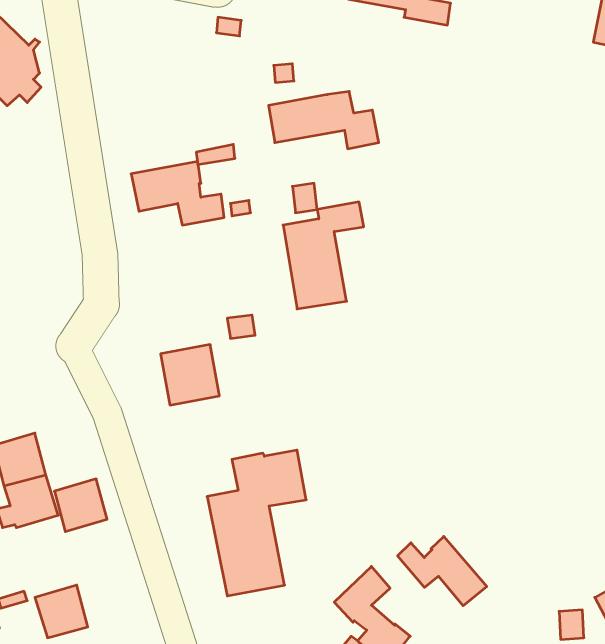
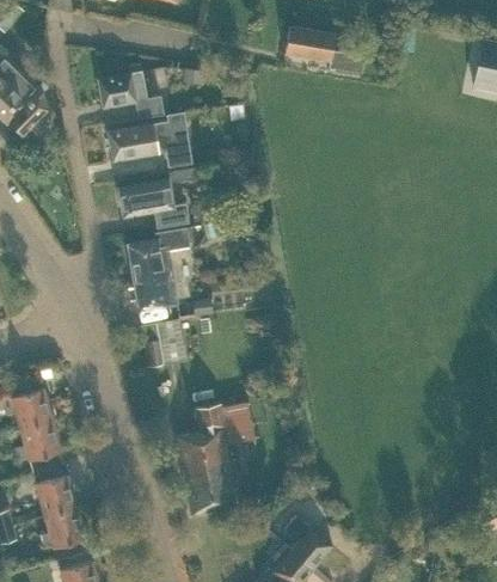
building: none -> [99,72,162,121]
building: [269,91,379,149] -> [109,123,194,167]
building: [283,202,364,309] -> [129,227,191,310]
building: [54,479,107,532] -> [36,474,76,515]
building: [398,536,487,606] -> none

